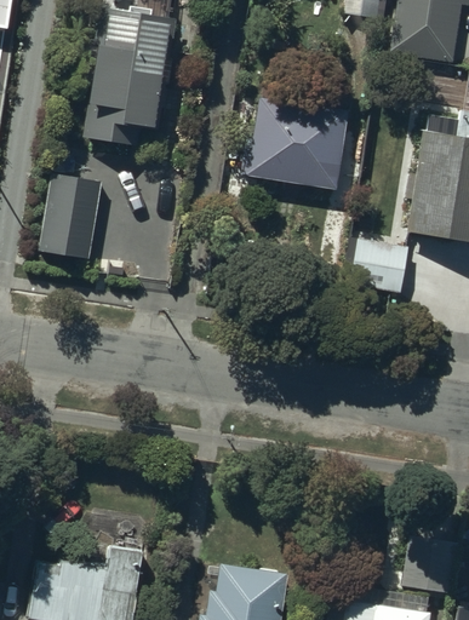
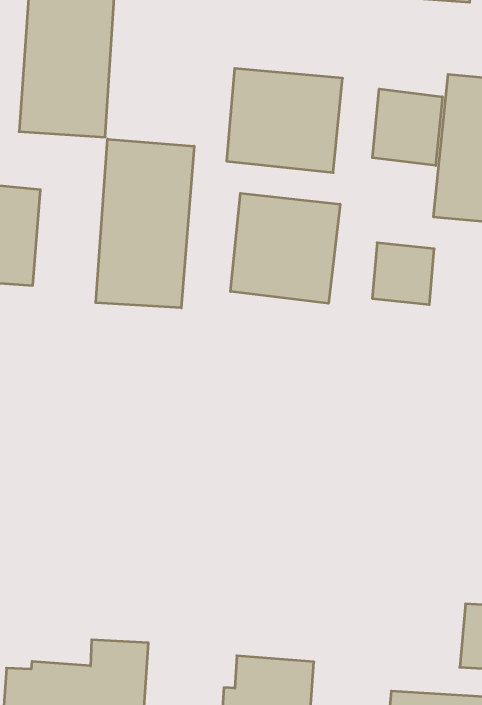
building: none -> [372,89,442,166]
building: none -> [96,139,194,308]
building: none -> [231,193,340,303]

